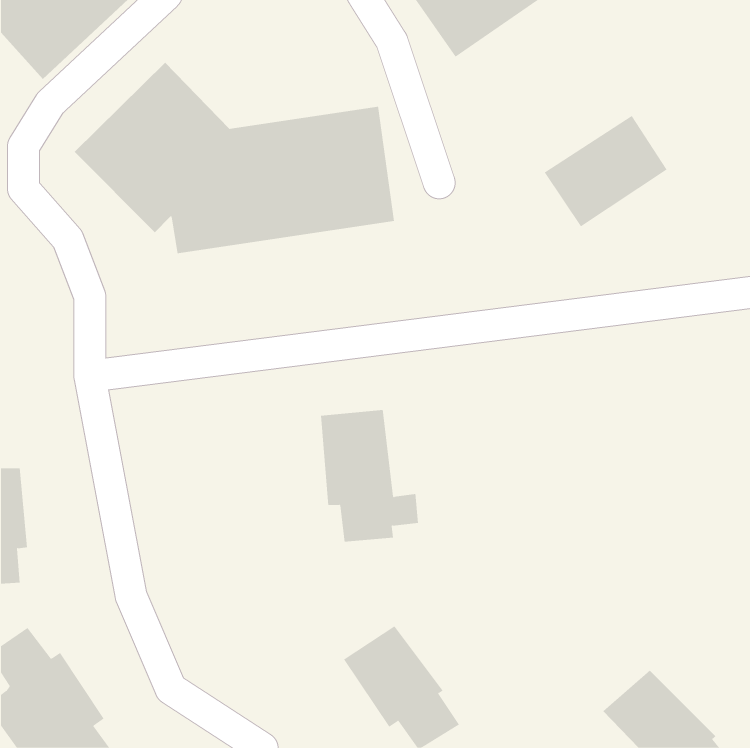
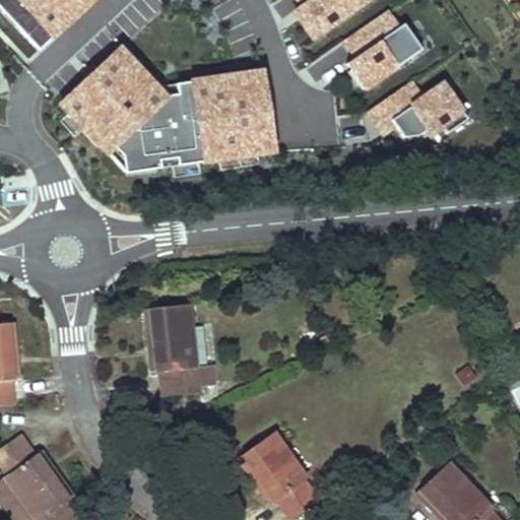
building: none -> [337,21,412,91]
building: [320,409,419,542] -> [147,303,215,394]

